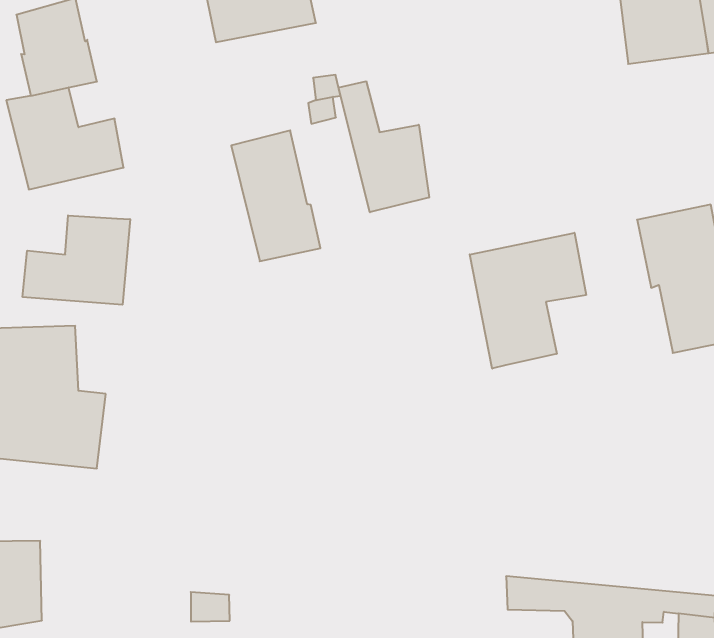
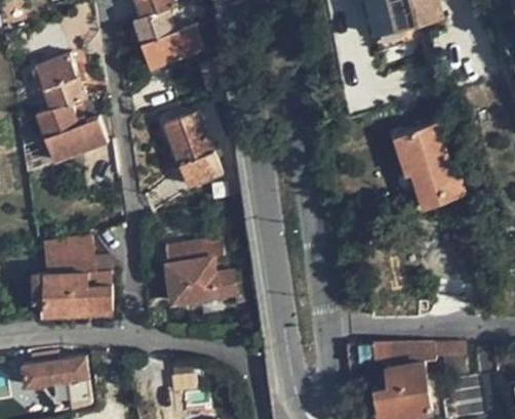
building: [338,81,429,212] -> none
building: [23,215,130,305] -> none
building: [470,233,586,369] -> none
building: none -> [163,240,249,304]

